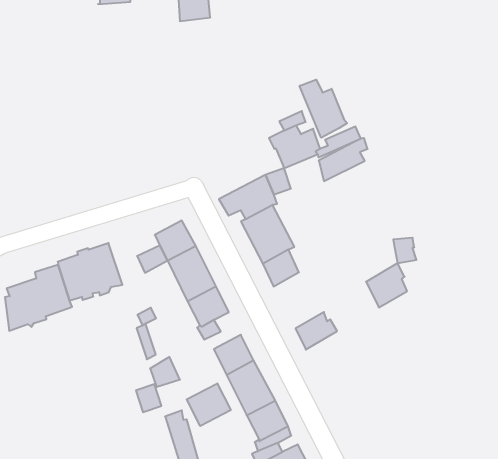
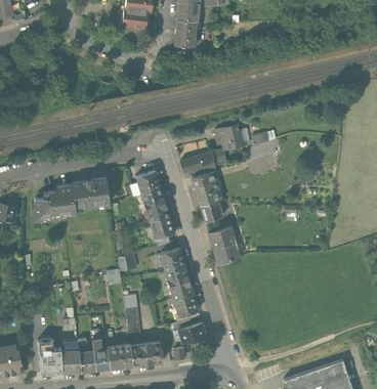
building: [300,80,347,138] -> none
building: [366,263,407,307] -> [208,224,233,250]
building: [187,383,231,426] -> none

